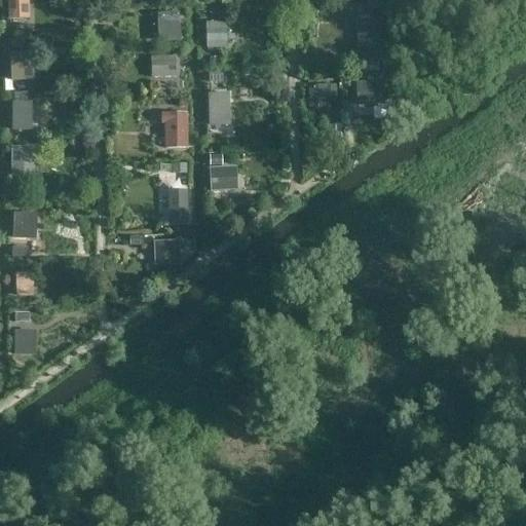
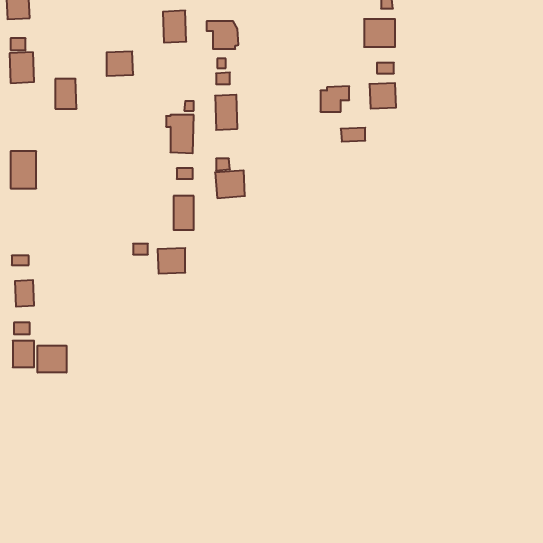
building: [151,54,177,78] -> [107,51,133,76]
building: [12,101,33,129] -> [55,79,77,109]
building: [13,212,37,238] -> none
building: none -> [38,346,66,373]

